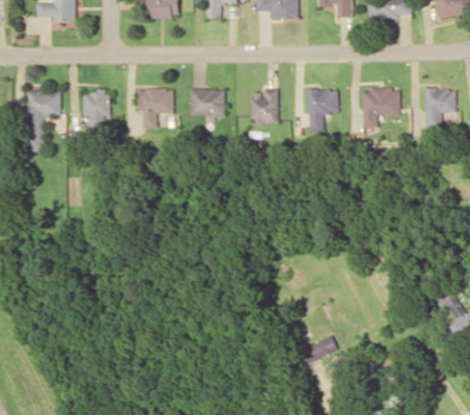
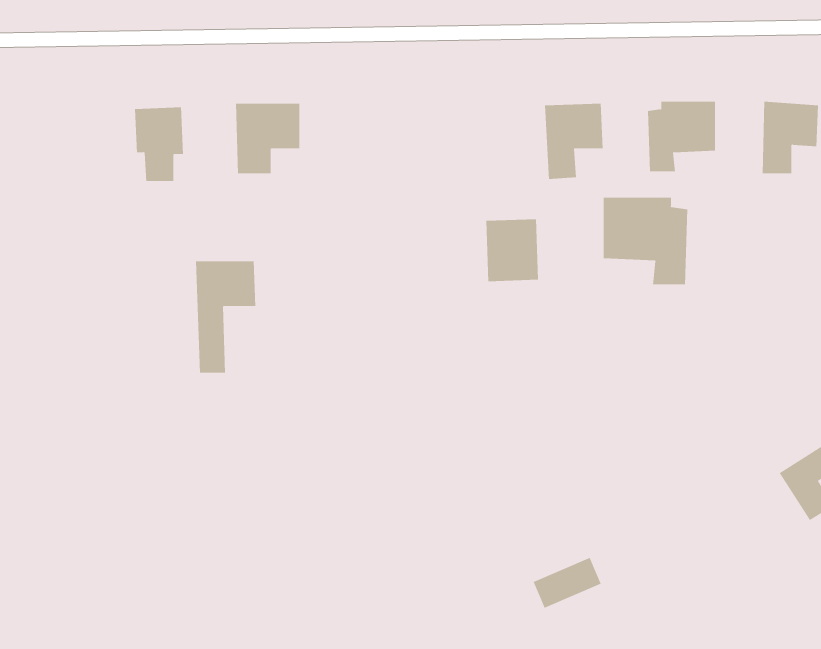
building: [190,88,225,115] -> none
building: [249,89,278,123] -> [485,219,539,282]
building: [28,90,61,151] -> [195,261,256,373]
building: none -> [603,197,688,285]

